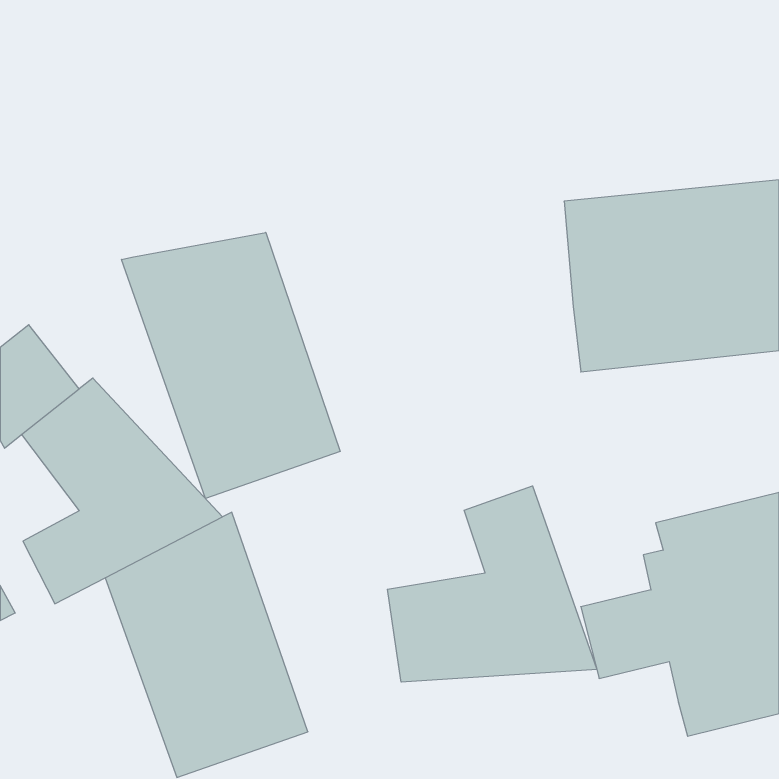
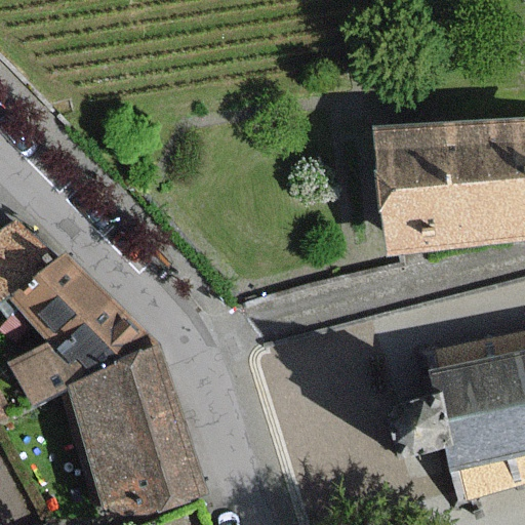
building: [122,232,340,498] -> none
building: [387,486,597,682] -> none

